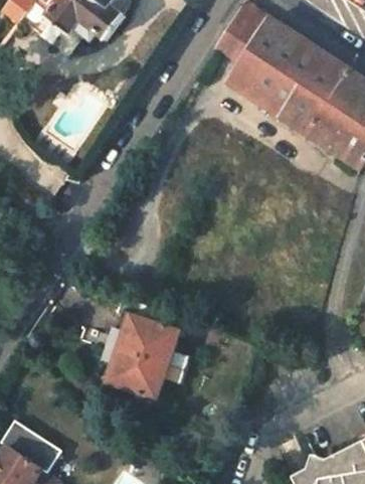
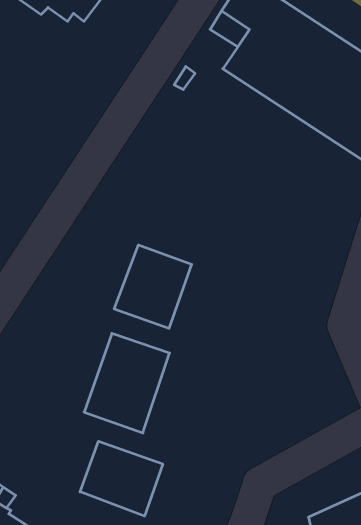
building: none -> [114,245,192,328]
building: none -> [80,441,163,516]

